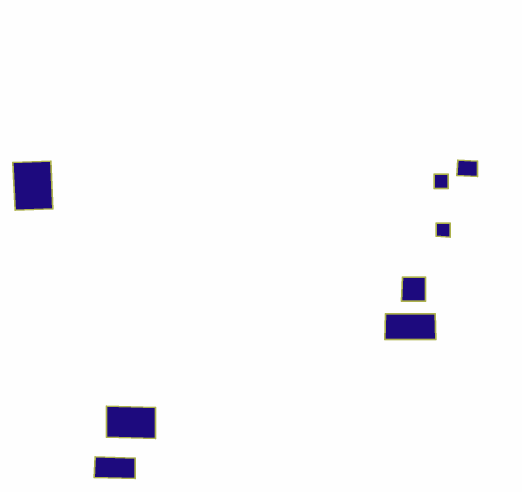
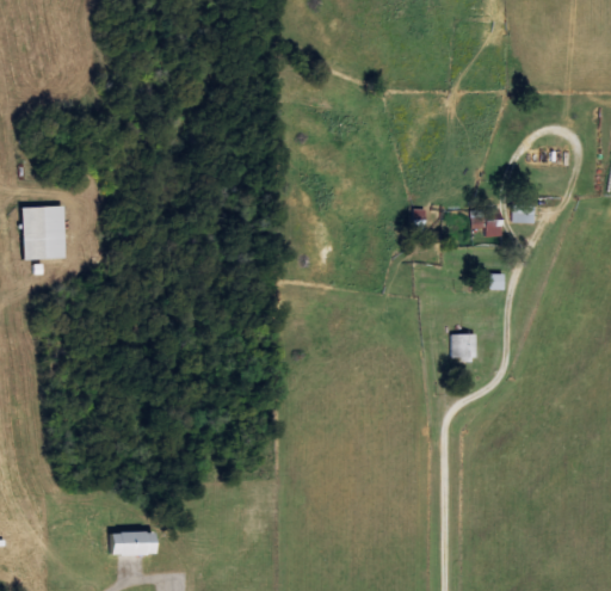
building: [385,314,436,340] -> none
building: [106,406,156,439] -> none

